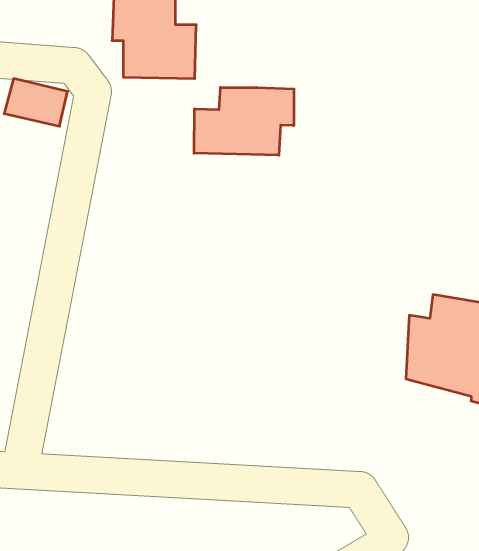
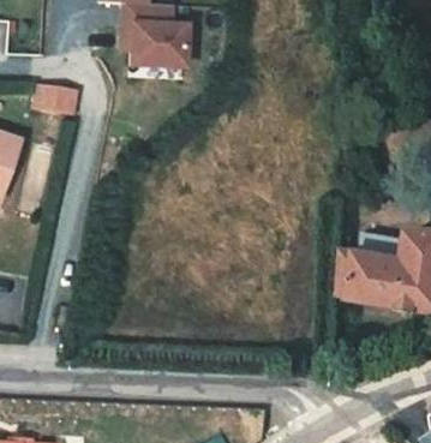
building: [194,87,294,155] -> none

